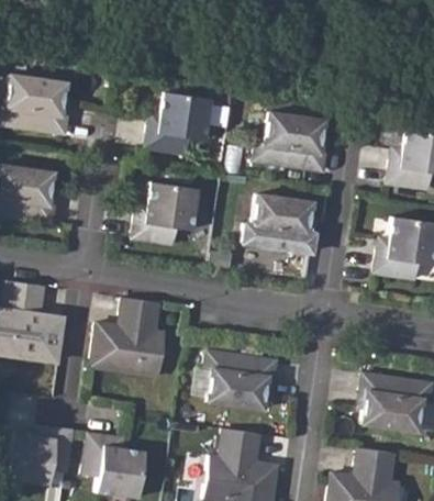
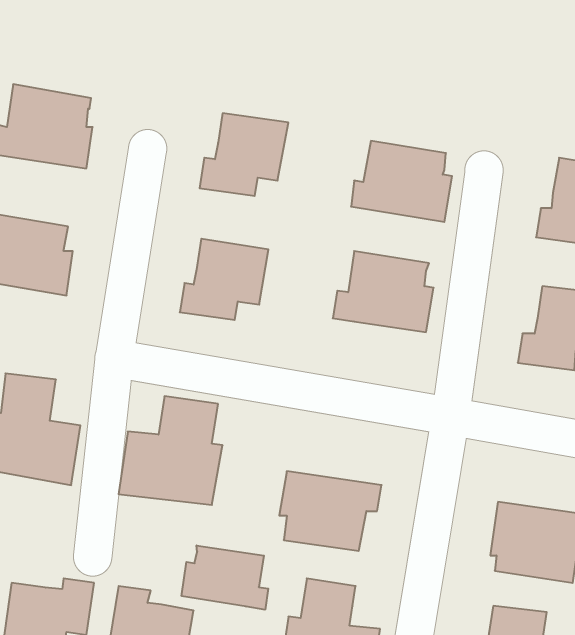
building: none -> [182,545,268,610]

